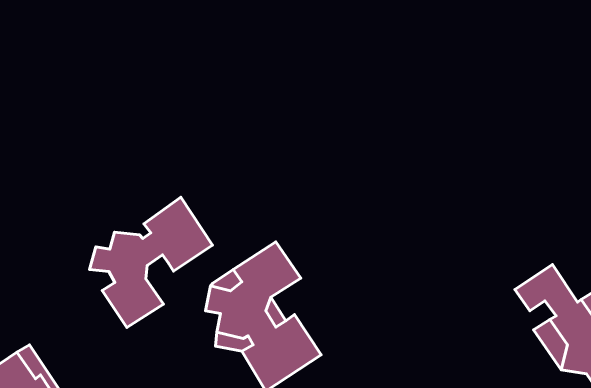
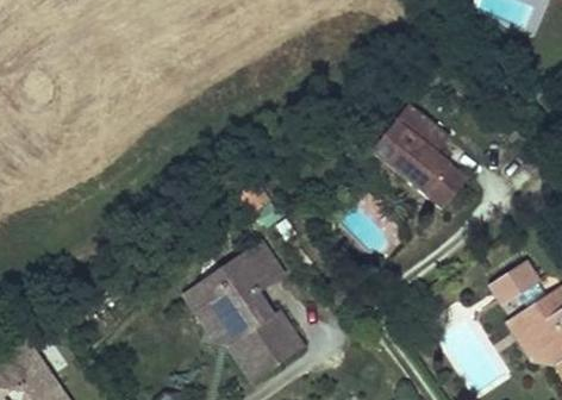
building: none -> [370,104,468,208]
building: [90,197,213,327] -> none

